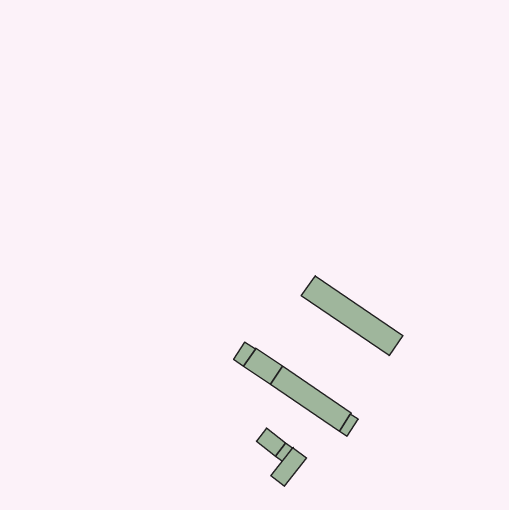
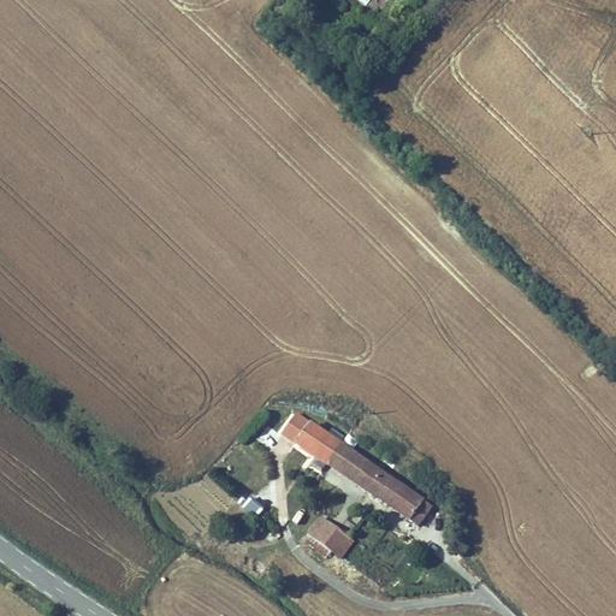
building: [301,276,403,356] -> none
building: [271,447,307,486] -> none

